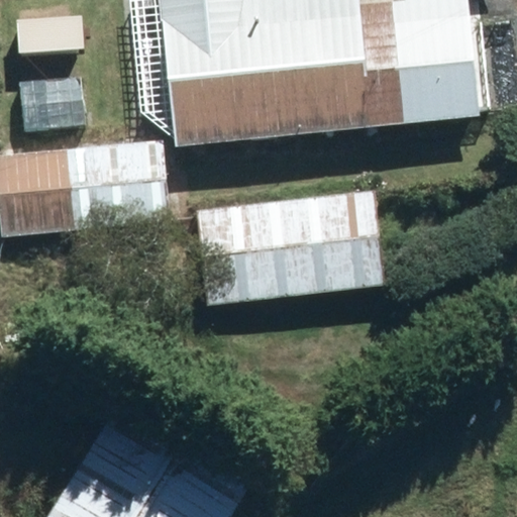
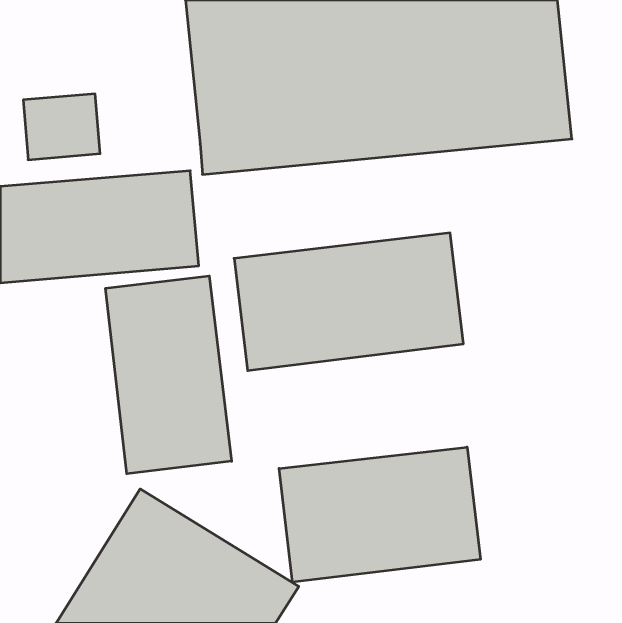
building: none -> [106,276,232,474]
building: none -> [279,447,480,582]

